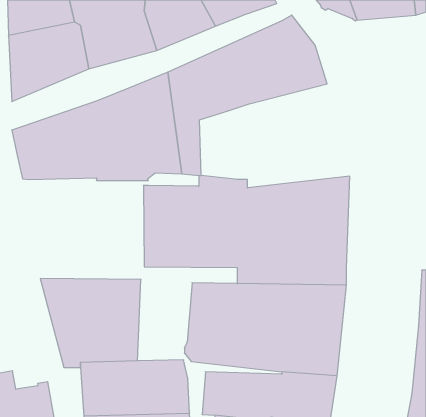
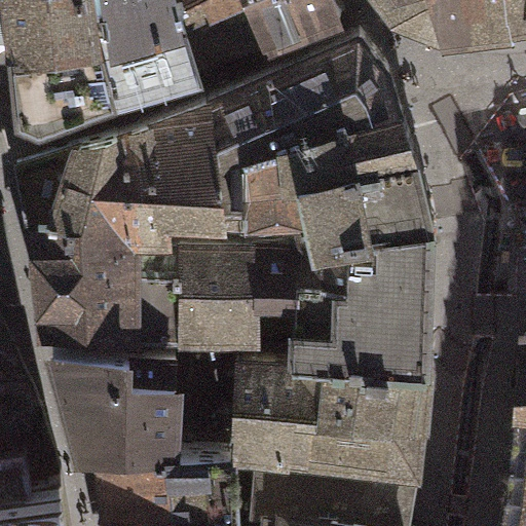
building: none -> [245,117,428,245]
building: none -> [36,232,182,341]

